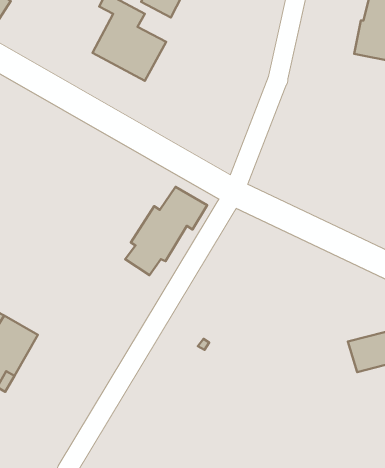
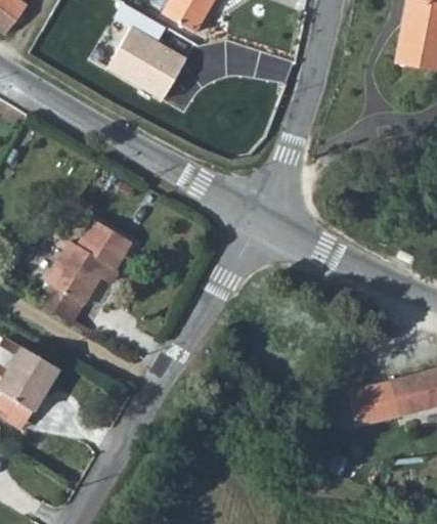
building: [125,187,207,275] -> [38,230,128,328]
building: none -> [363,380,400,421]

